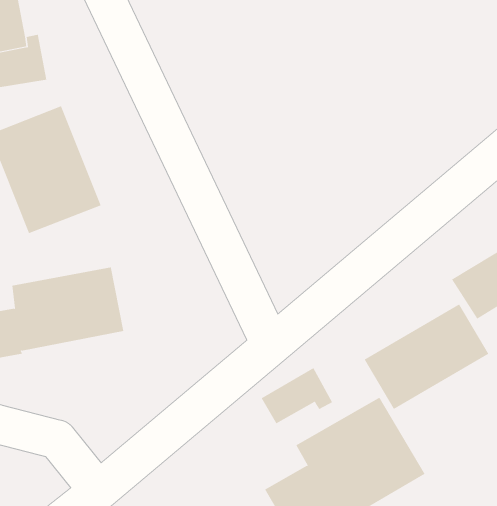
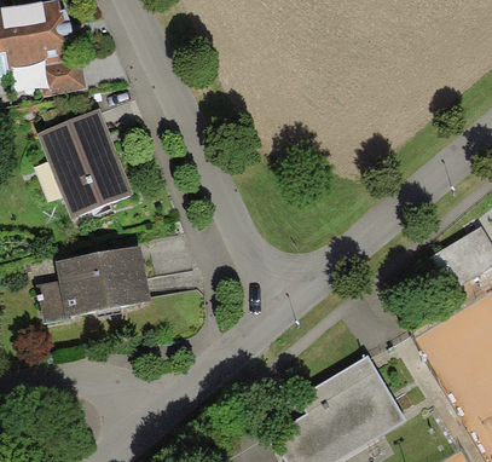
building: [364,304,489,410] -> none
building: [261,367,333,424] -> none

